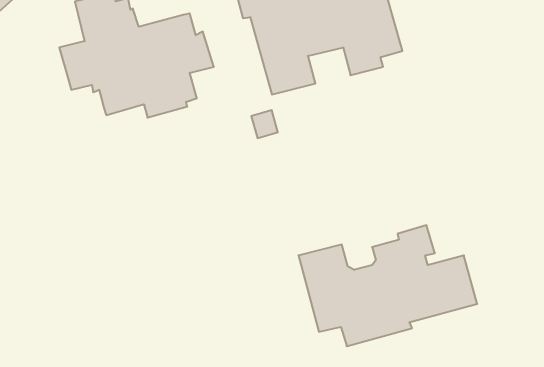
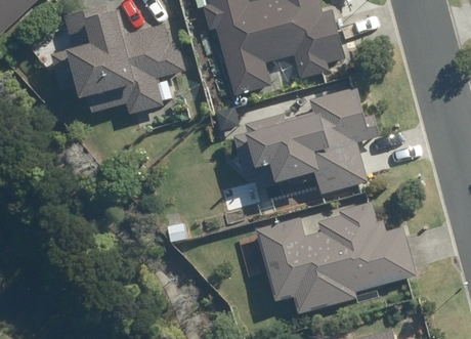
building: none -> [234,87,380,194]

